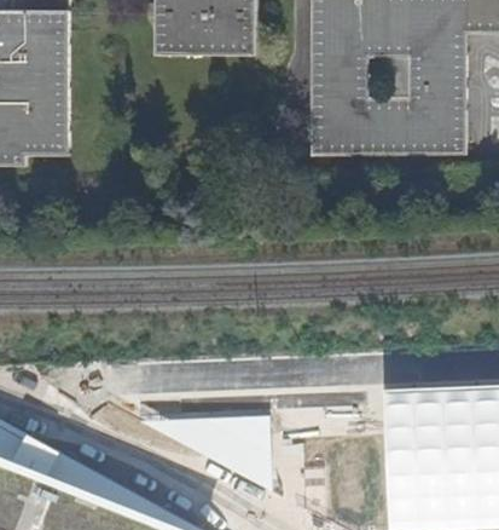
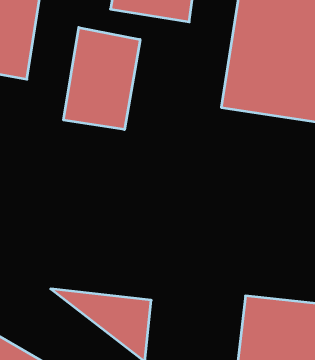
building: none -> [64,27,140,130]

